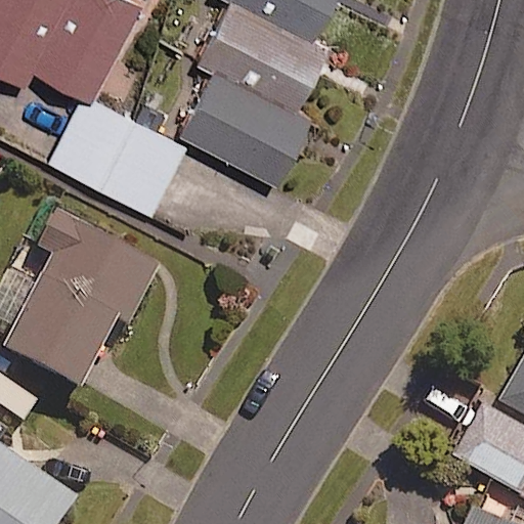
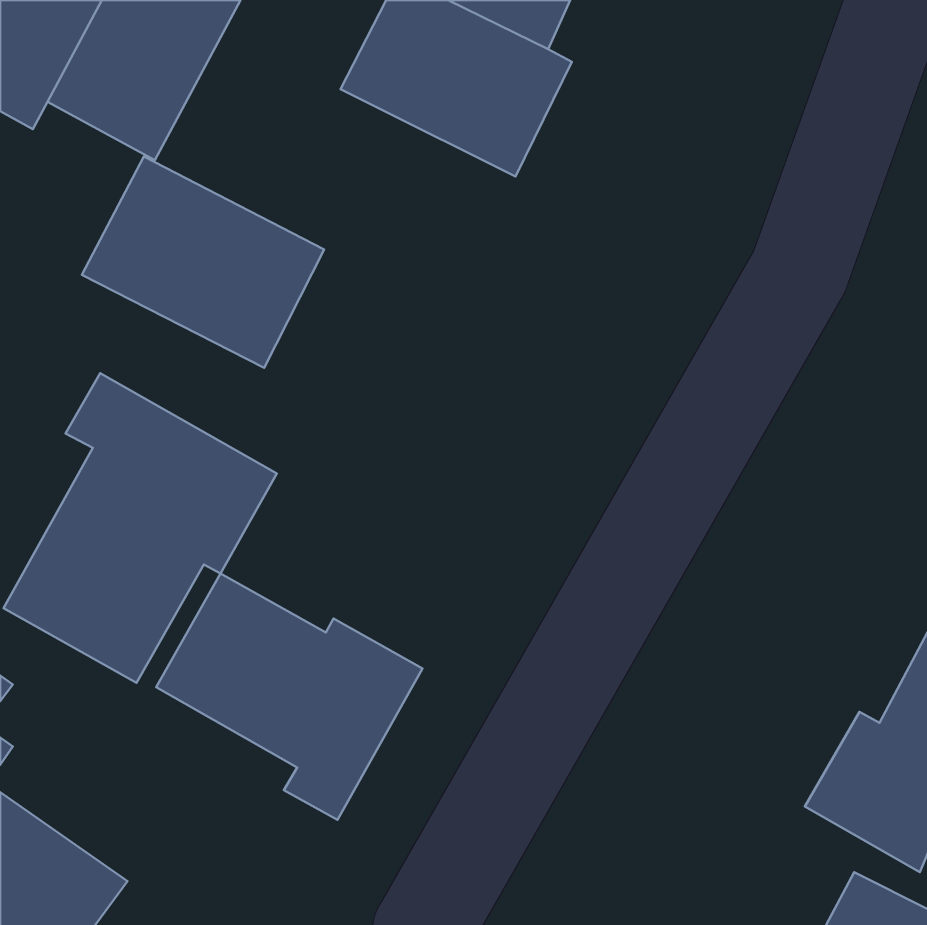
building: [178,61,306,175] -> none
building: none -> [156,574,422,820]

